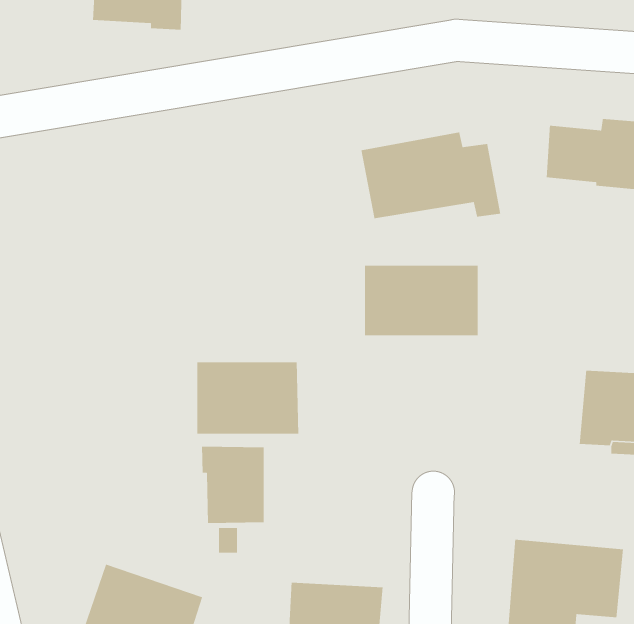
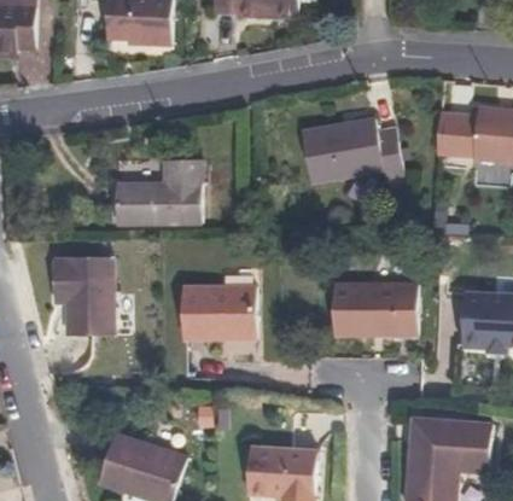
building: none -> [116,159,202,225]
building: [364,265,478,336] -> [333,284,416,336]
building: none -> [53,256,113,336]
building: [201,446,265,524] -> none

